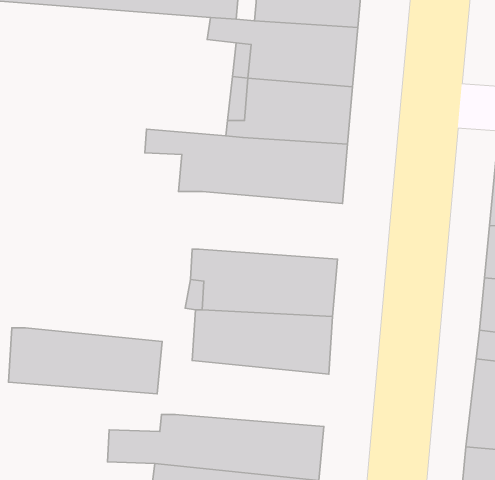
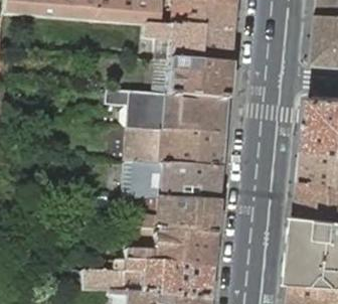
building: none -> [124,129,222,169]
building: [8,328,162,394] -> [123,230,214,269]

